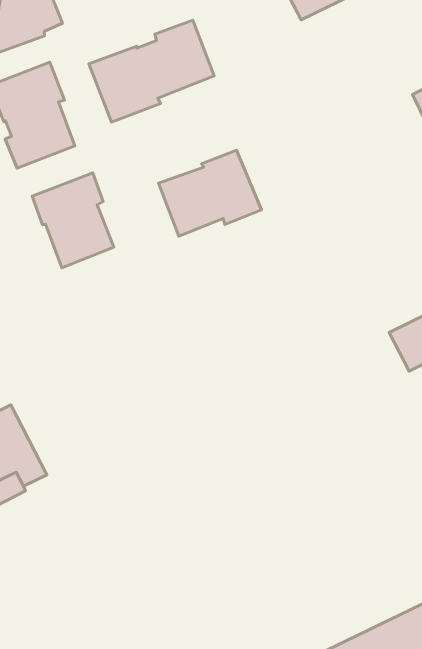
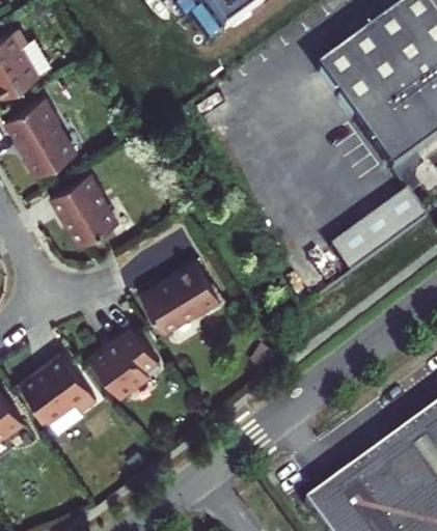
building: [89,20,214,122] -> none
building: [159,150,262,236] -> [140,258,219,329]
building: none -> [89,324,157,393]

